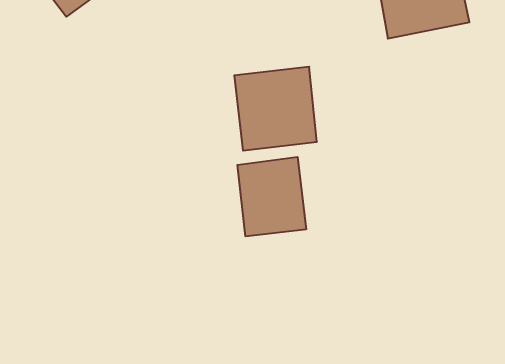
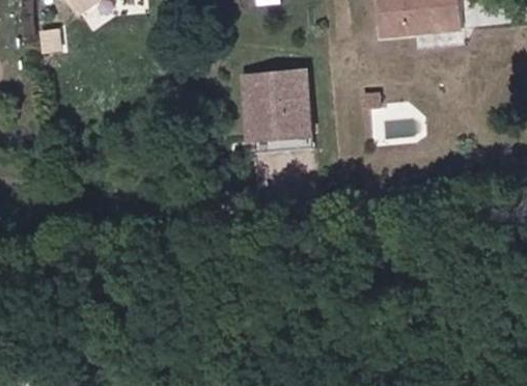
building: [237,157,306,236] -> none

